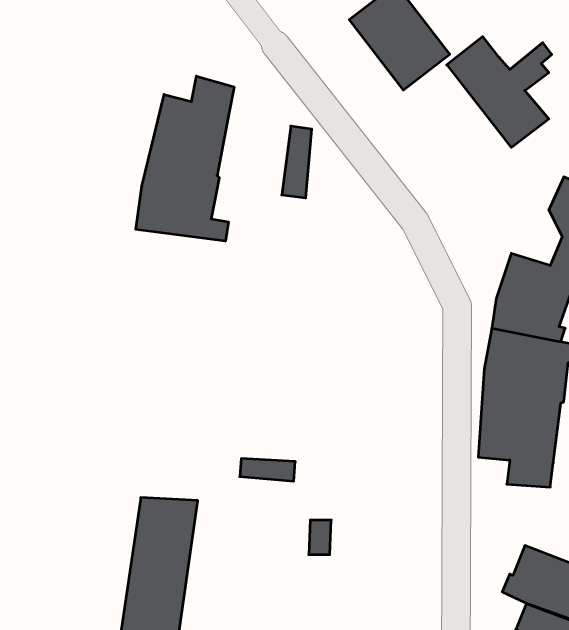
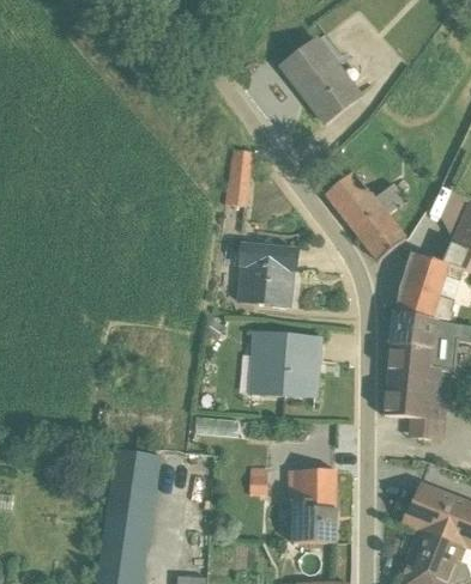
building: [447,37,552,147] -> [326,171,410,260]
building: [136,76,234,241] -> none
building: none -> [238,245,298,308]
building: none -> [247,334,320,396]
building: none -> [288,468,337,541]

